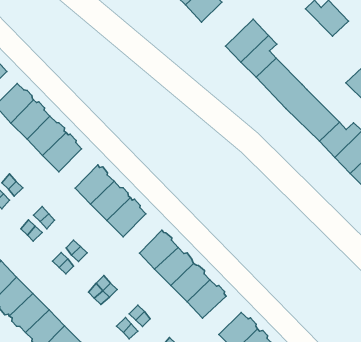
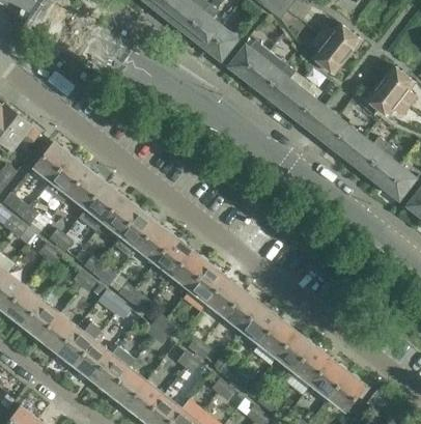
building: none -> [228,40,269,81]
building: none -> [310,35,346,76]
building: none -> [103,197,139,235]
building: none -> [172,251,208,289]
building: none -> [258,319,294,357]

